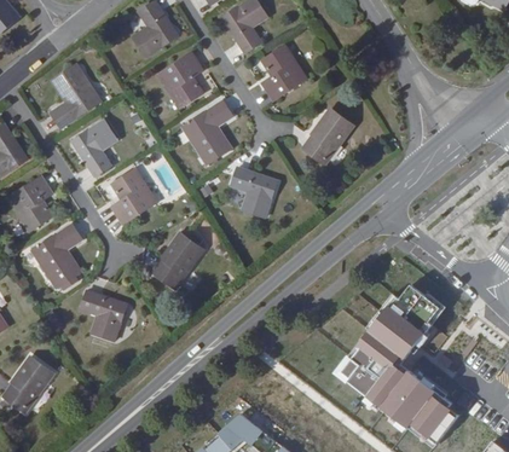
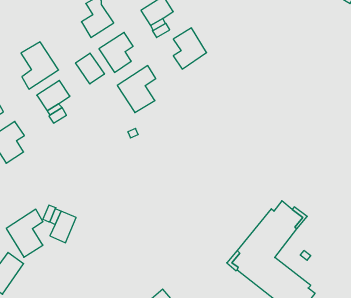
building: none -> [76,53,104,84]
building: [302,109,357,167] -> none
building: [231,164,278,219] -> none
building: [111,167,157,224] -> none
building: [31,222,82,289] -> [6,209,43,257]
building: [151,231,204,290] -> none

